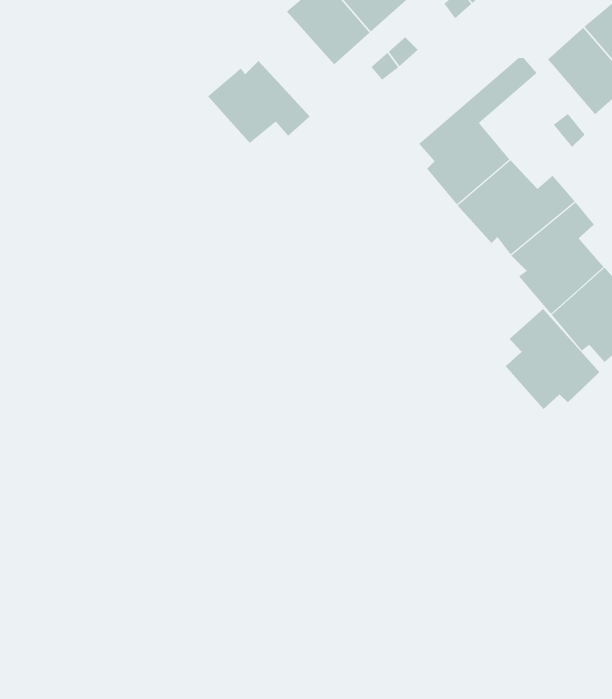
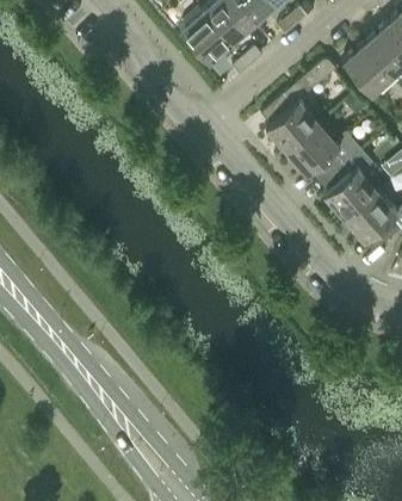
building: [207,60,311,144] -> none
building: [505,308,600,410] -> none

